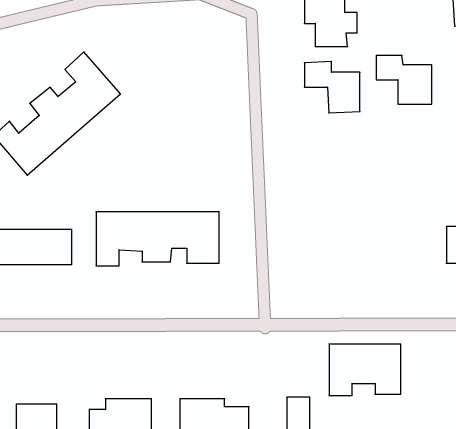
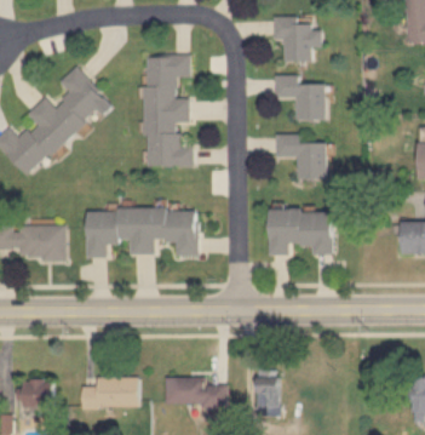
building: none -> [144,55,193,166]
building: [376,55,432,104] -> [275,134,325,178]
building: [329,344,401,396] -> [268,208,332,254]

